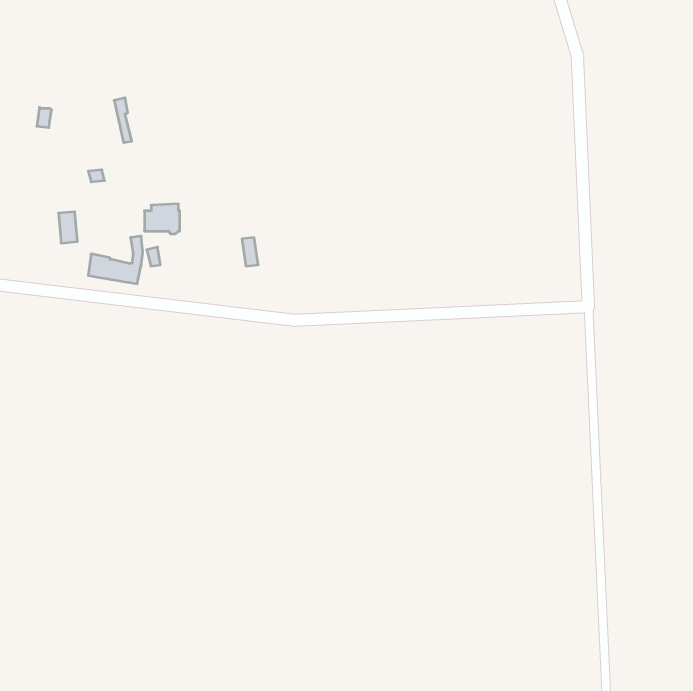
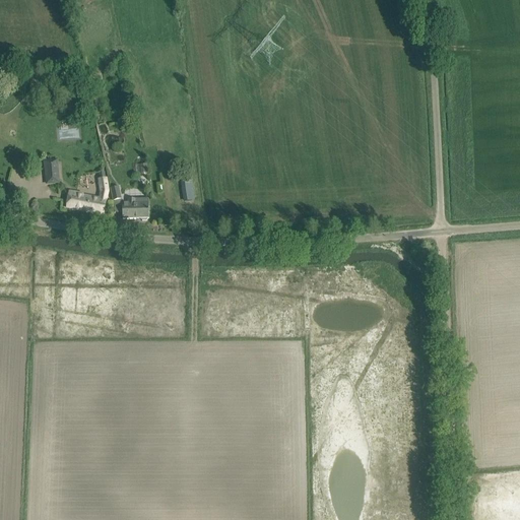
building: [144,204,180,234] -> [122,197,148,219]

